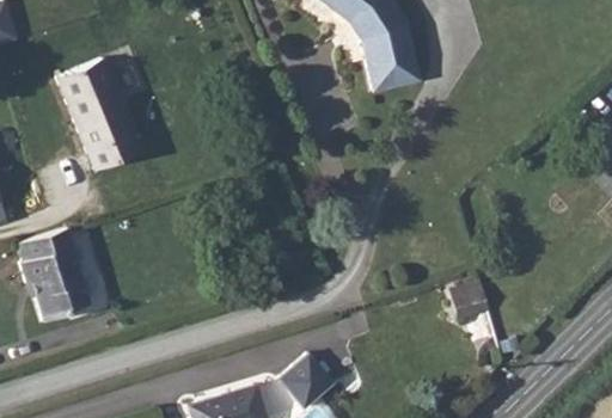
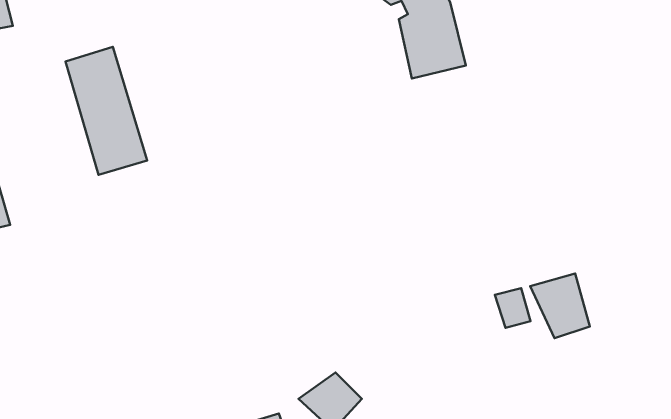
building: [14,226,90,325] -> none
building: none -> [530,274,590,338]

